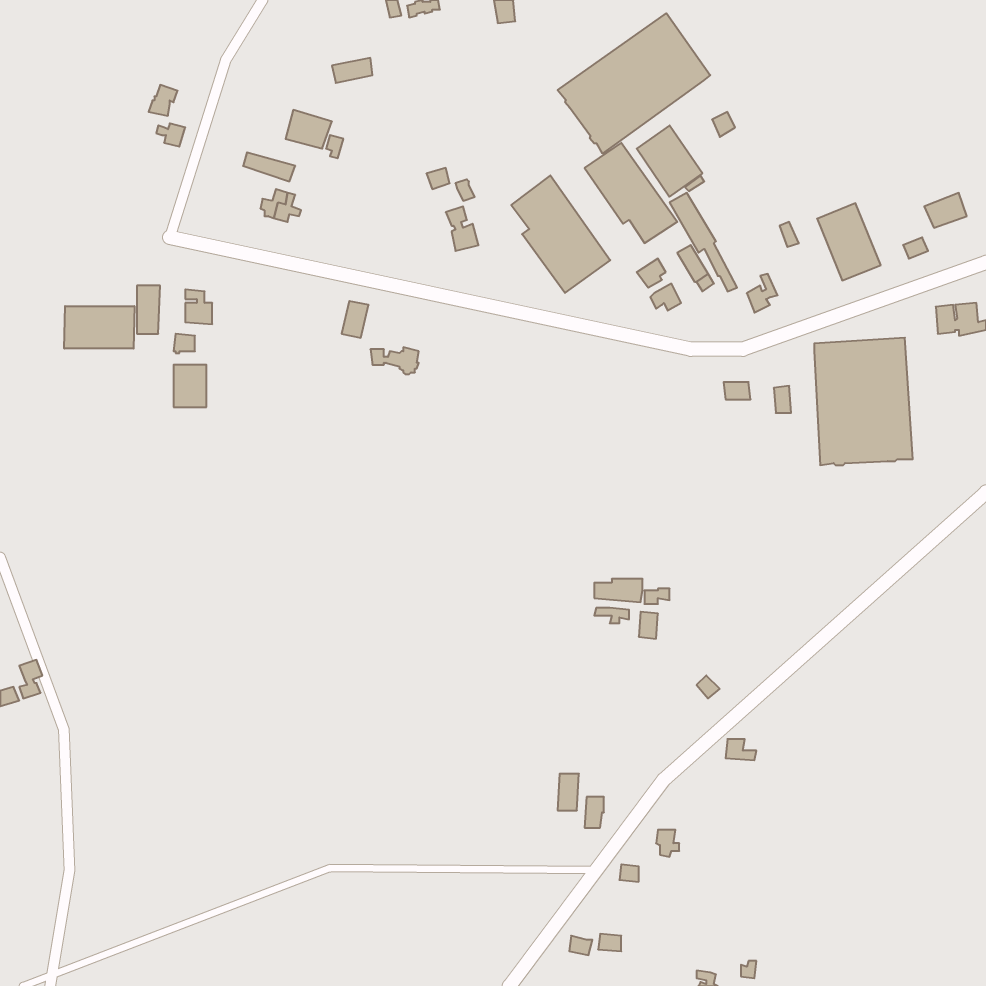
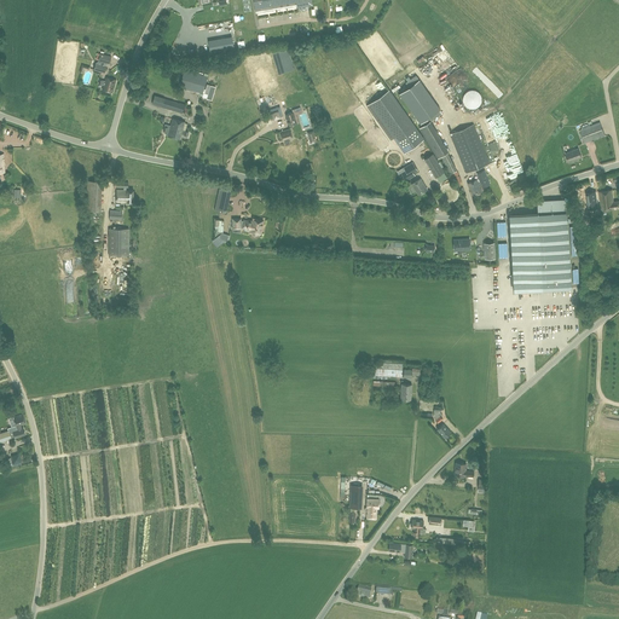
building: [558,13,710,153] -> none
building: [511,175,610,293] -> none
building: [817,203,881,280] -> [450,125,490,173]
building: [64,306,134,349] -> none

